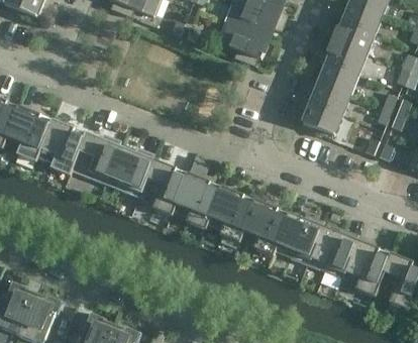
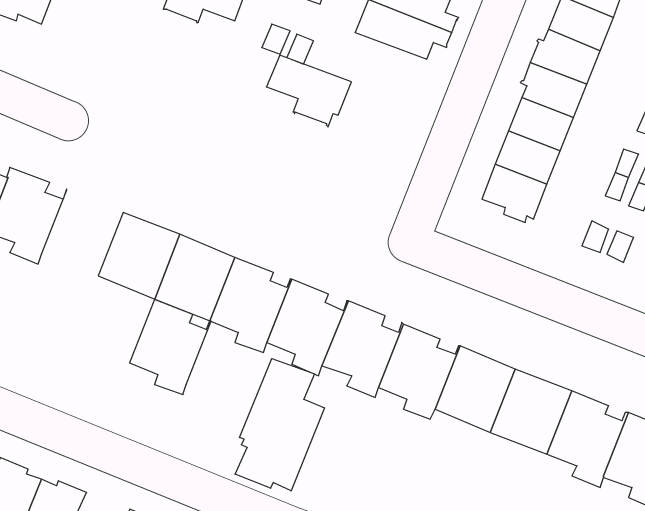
building: [218,23,270,67] -> [266,55,351,127]
building: [36,119,86,177] -> [130,300,211,395]
building: none -> [235,359,324,491]

